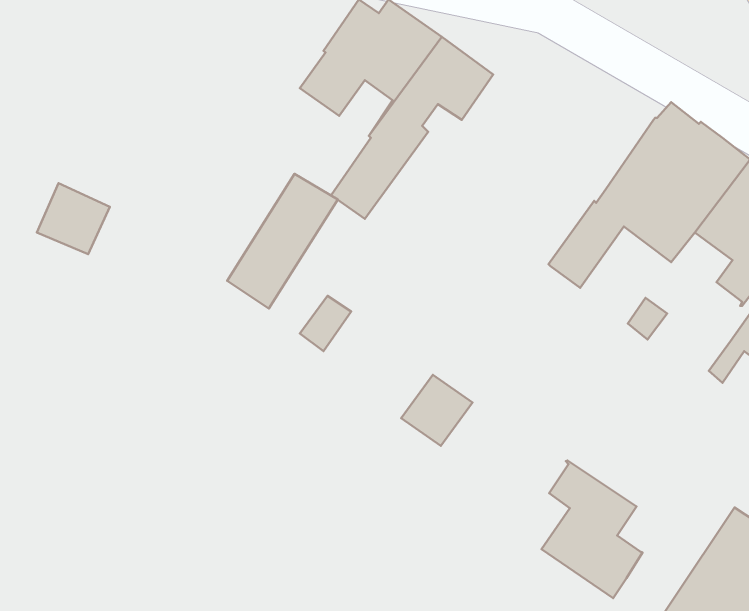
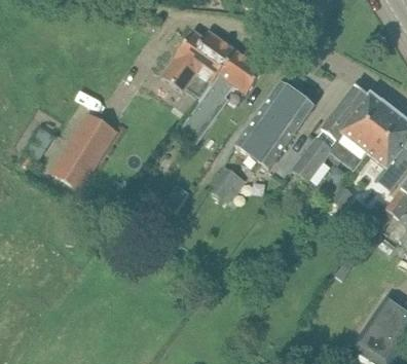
building: none -> [235,82,313,170]
building: [227,174,338,308] -> [54,116,112,186]
building: [401,375,472,446] -> [208,166,245,203]
building: [541,461,643,598] -> none

